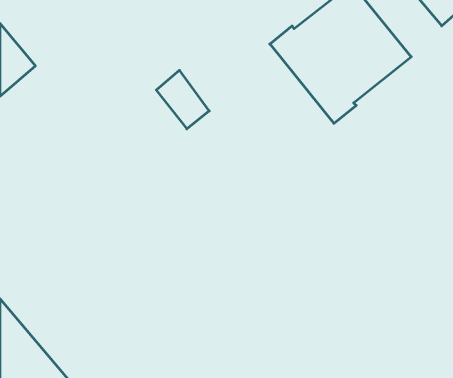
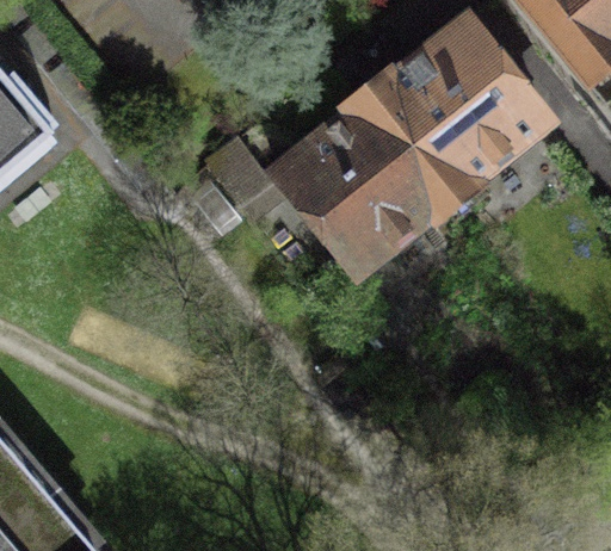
building: none -> [278,107,440,271]

